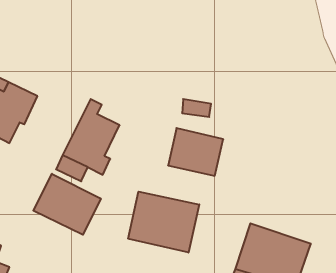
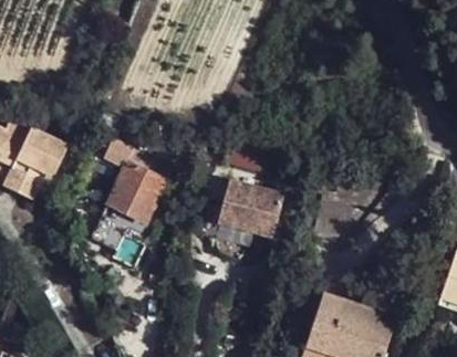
building: [33,174,101,235] -> none
building: [128,192,199,253] -> none

